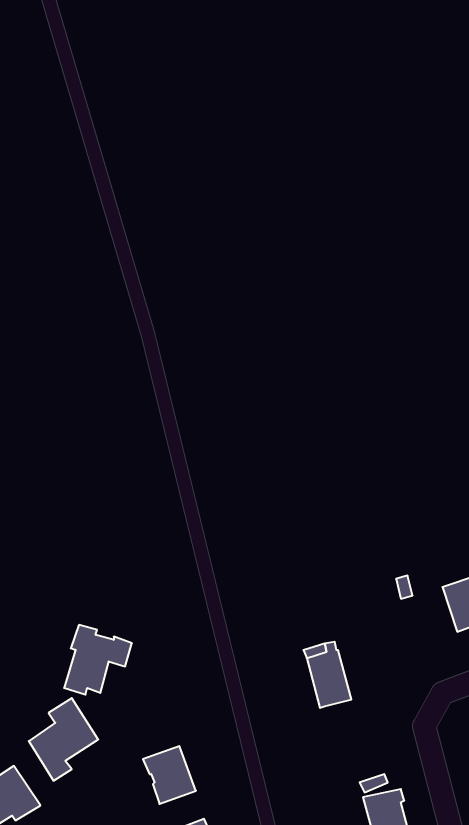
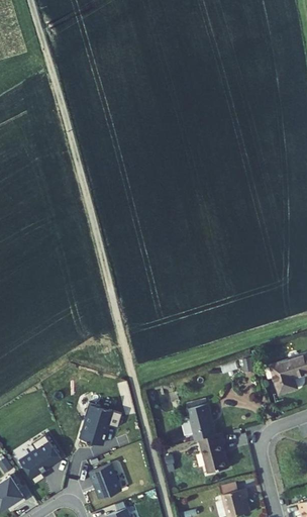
building: [64,625,132,695] -> [80,402,121,444]
building: none -> [199,433,227,473]

